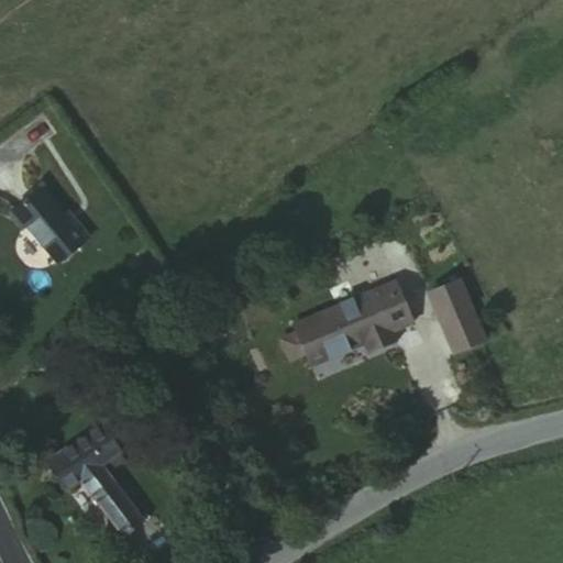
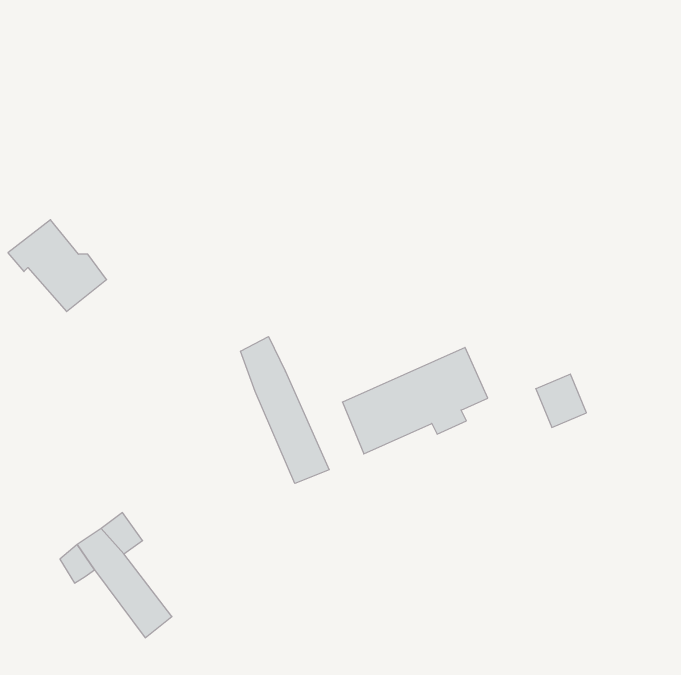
building: none -> [241,337,329,483]
building: [430,282,471,321] -> none

